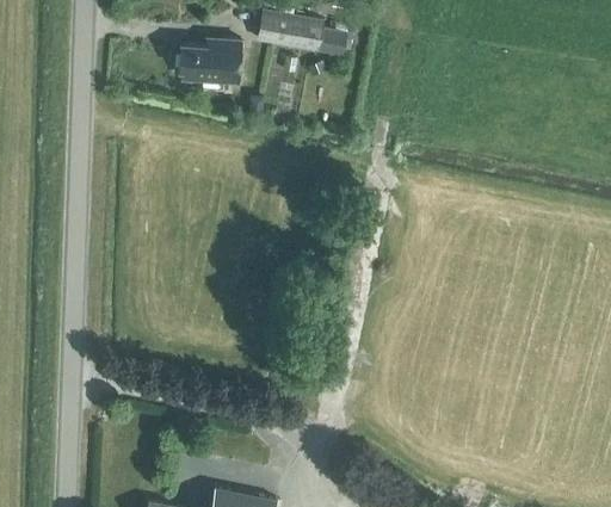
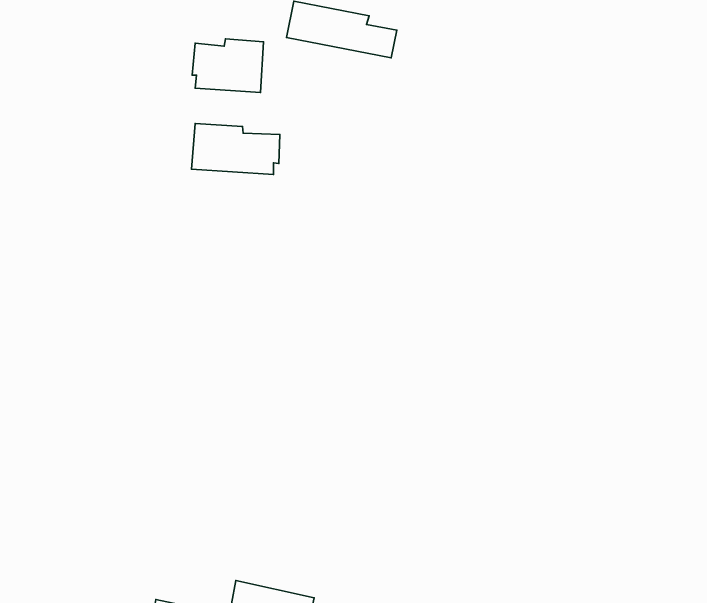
building: none -> [192,124,280,175]

